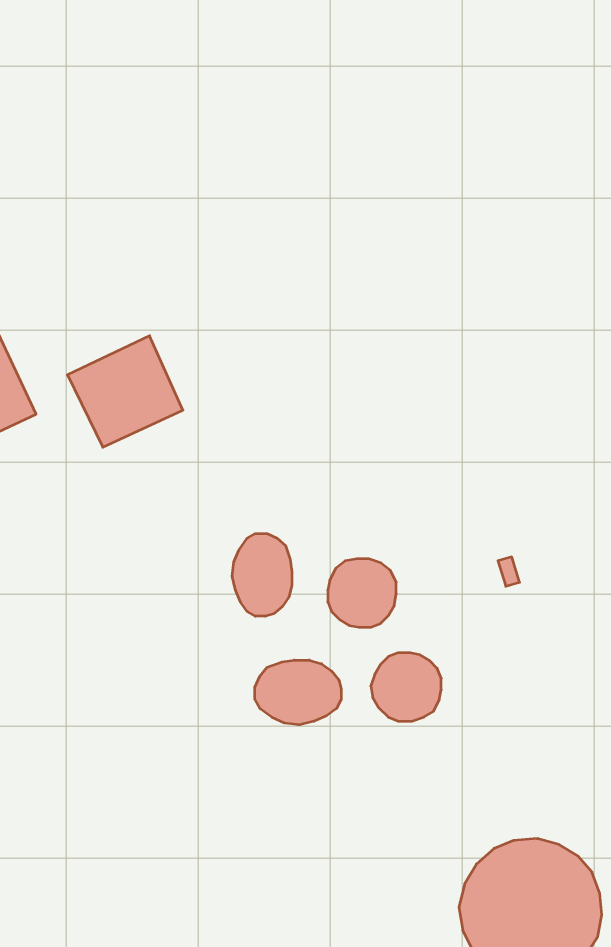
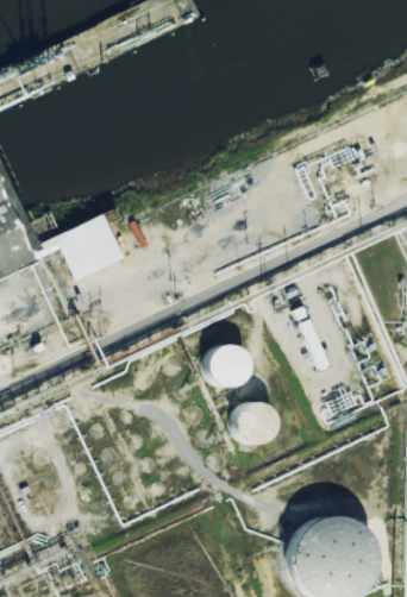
building: [232,534,292,616] -> none
building: [255,660,341,725] -> none

